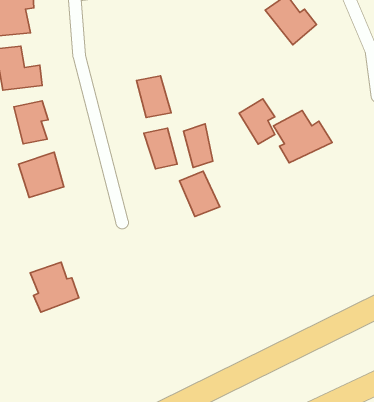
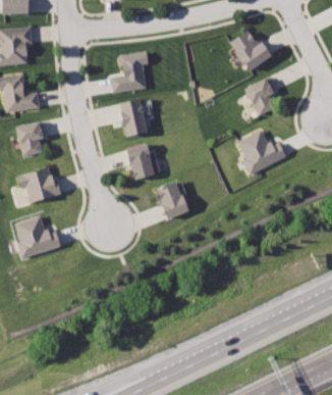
building: none -> [111,50,150,92]
building: [239,99,275,144] -> [245,77,276,115]
building: [184,124,213,167] -> none
building: [30,262,79,312] -> [14,215,56,258]

